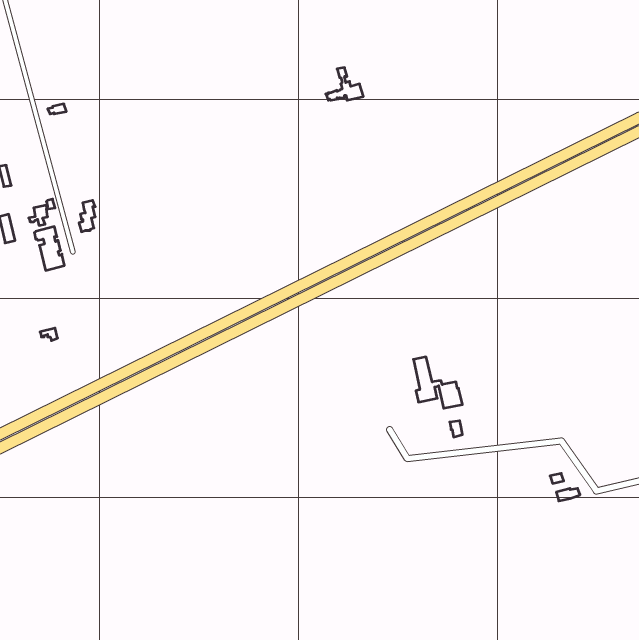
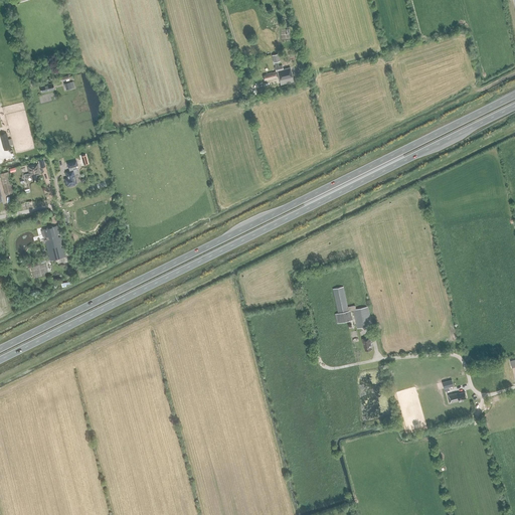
building: [34,227,64,270] -> [40,226,64,262]

